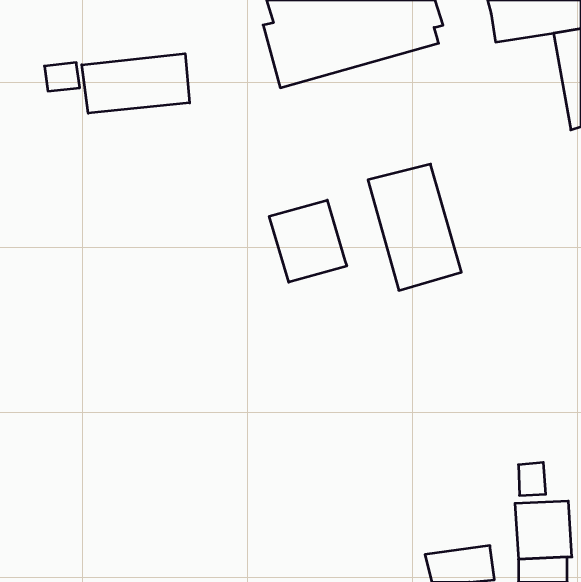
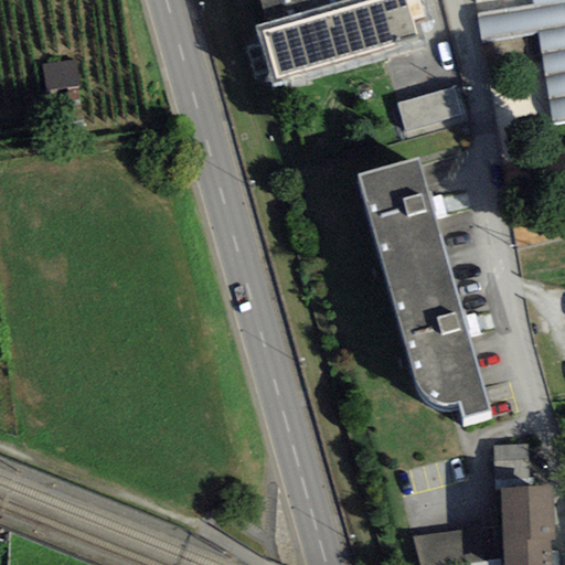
building: [82,54,190,113] -> none
building: none -> [403,88,469,136]
building: [269,200,347,282] -> none
building: none -> [386,264,489,420]

